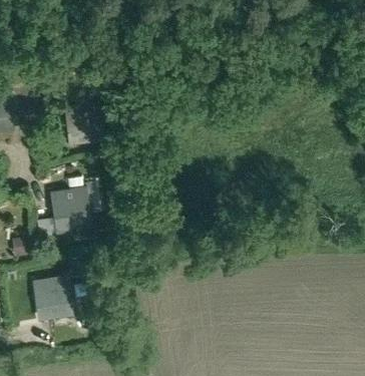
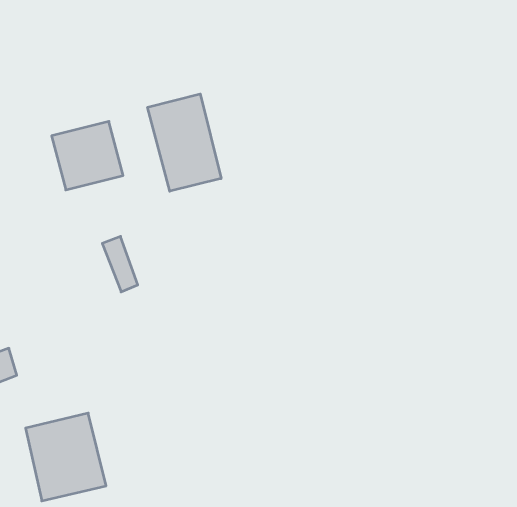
building: none -> [148,94,221,191]
building: [50,187,91,230] -> none

